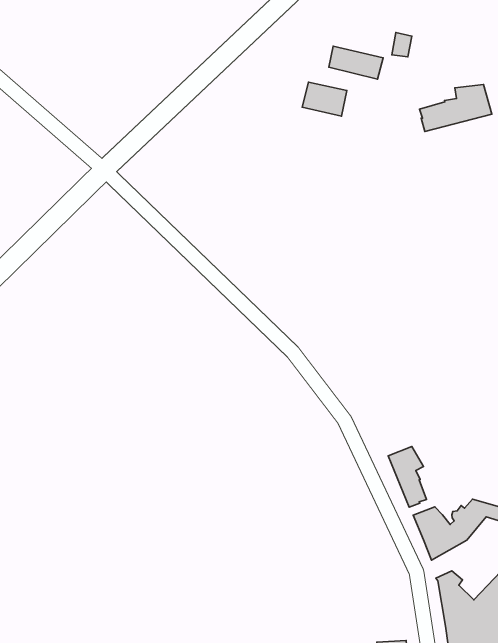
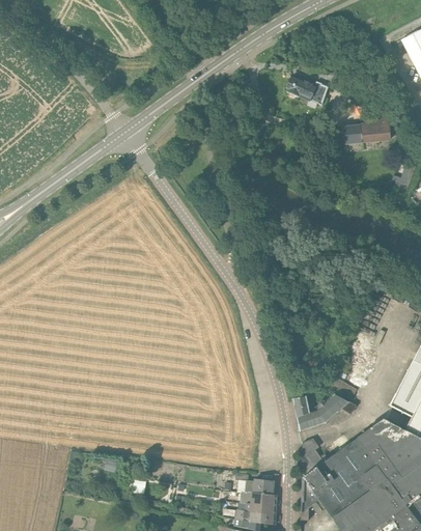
building: [302,82,347,116] -> none
building: [388,446,427,507] -> none

